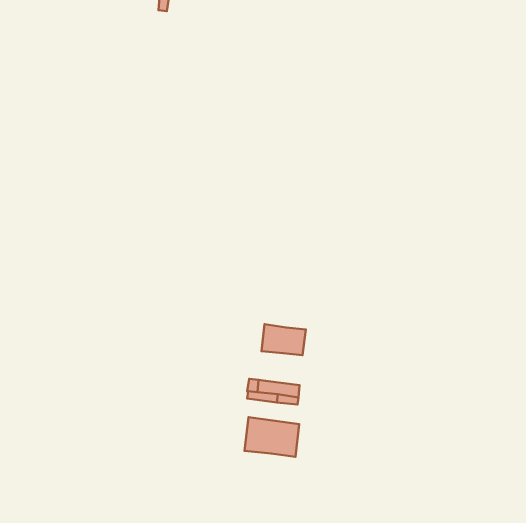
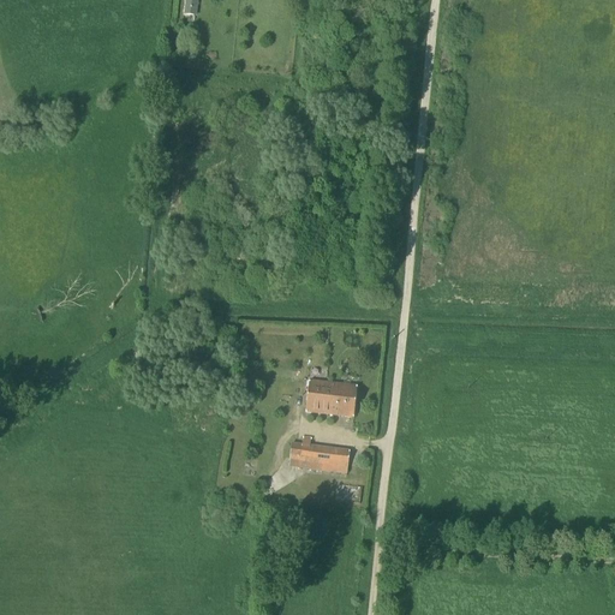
building: [244,417,299,457] -> none

